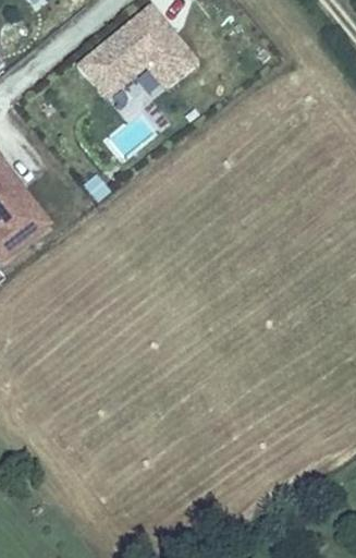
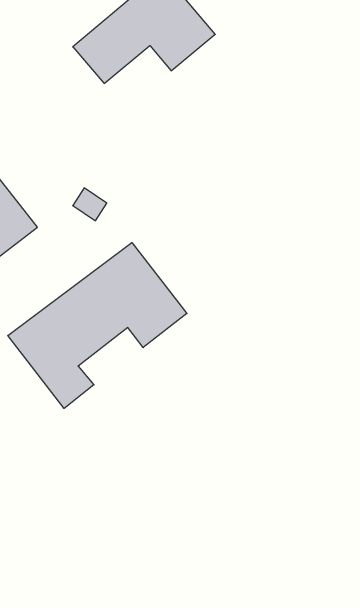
building: none -> [8,243,187,408]

